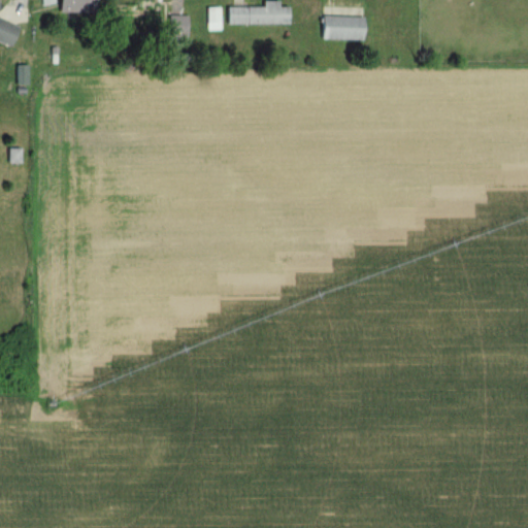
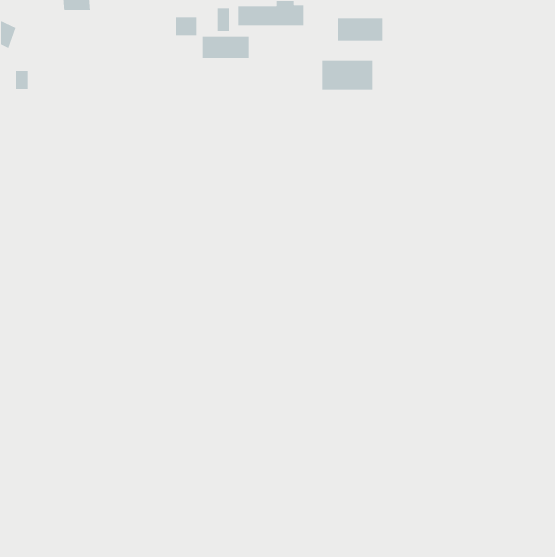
building: none -> [202,36,249,59]
building: none -> [322,60,373,90]

